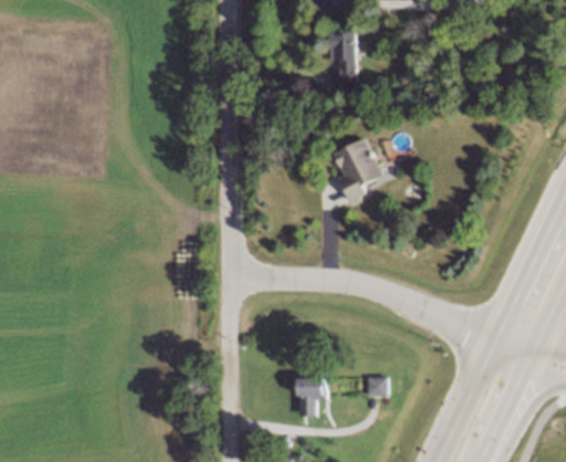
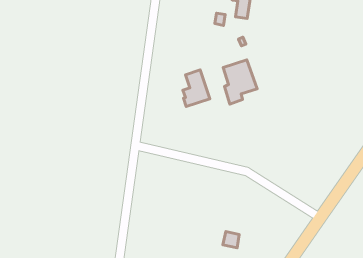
building: none -> [183,70,210,107]
building: [297,378,328,417] -> none

